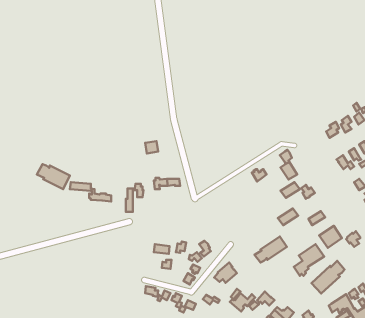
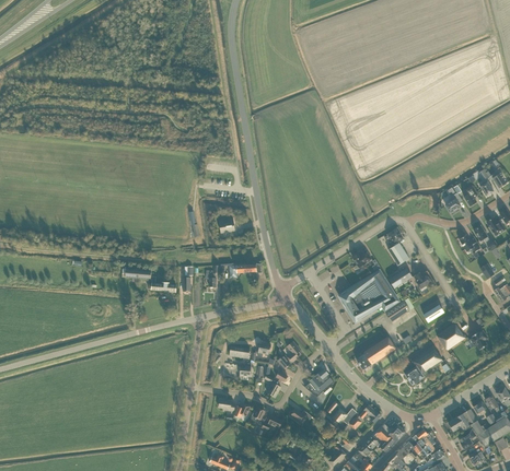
building: [37,164,70,189] -> none
building: none -> [340,272,390,319]
building: [311,261,344,293] -> none

